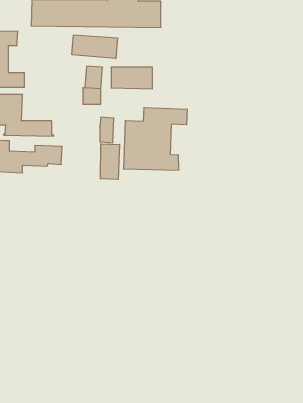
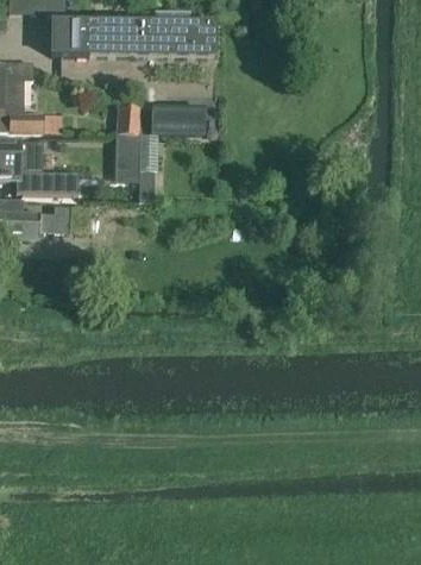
building: [72,35,117,59] -> none
building: [124,107,187,170] -> none
building: [100,144,120,179] -> none

